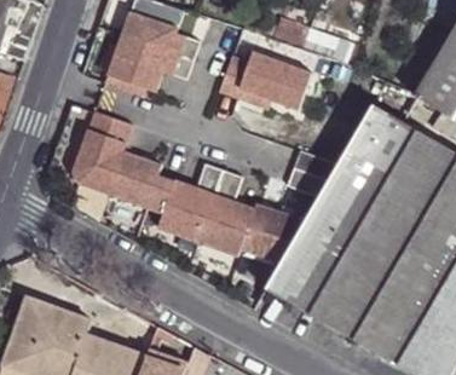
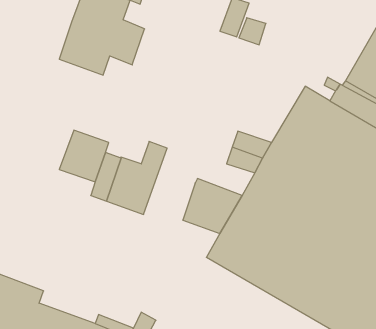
building: [219,52,310,110] -> none
building: [74,111,133,192] -> none
building: [198,169,254,254] -> none

